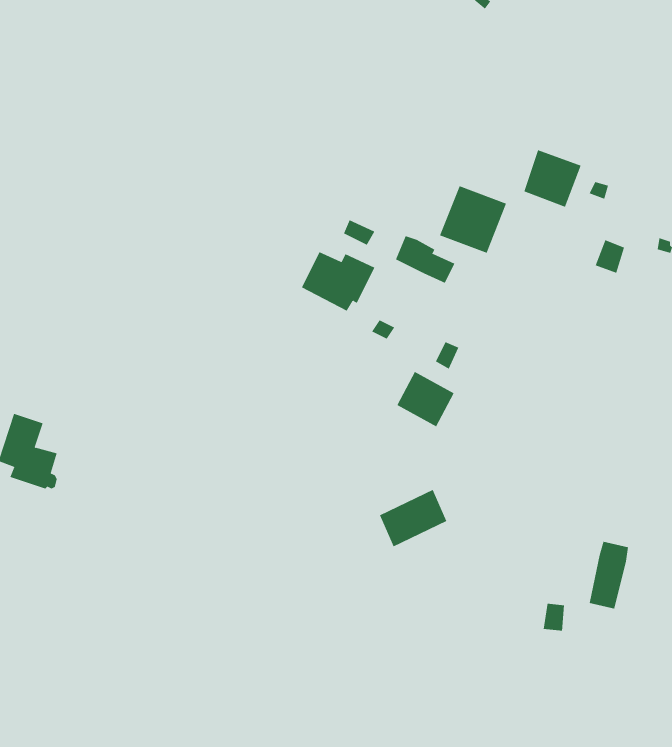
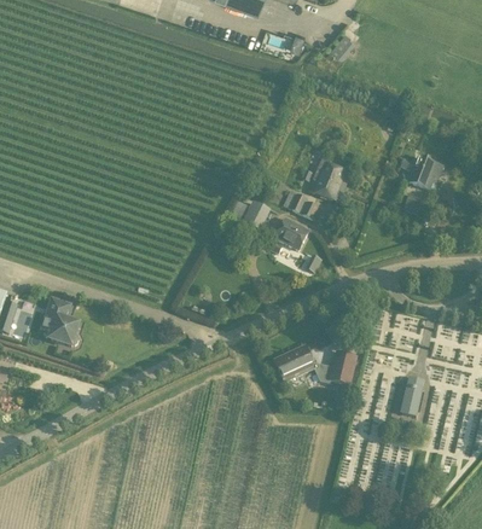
building: [524,150,582,208] -> [408,156,443,191]
building: [397,371,454,427] -> [274,217,309,251]
building: none -> [324,343,348,374]

